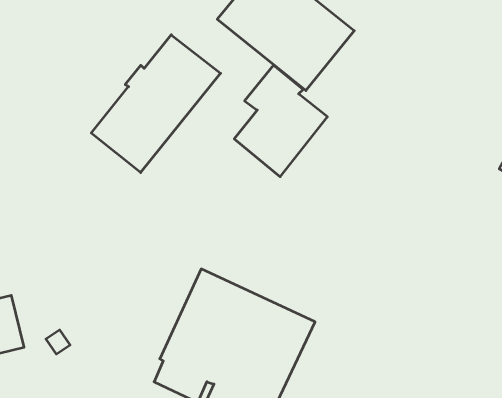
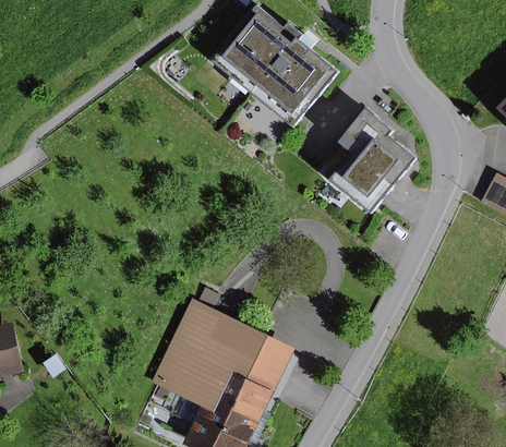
building: [91,35,221,173] -> none
building: [234,65,327,177] -> [327,109,415,215]

